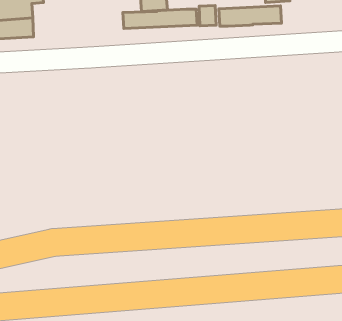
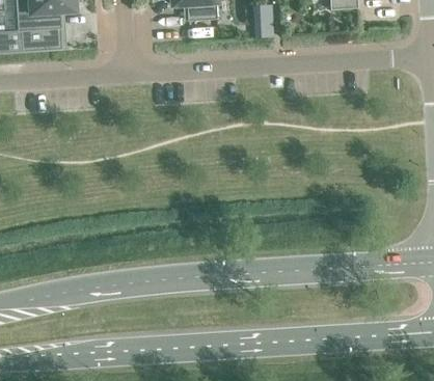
building: [219,6,281,26] -> none
building: [123,9,197,29] -> none

